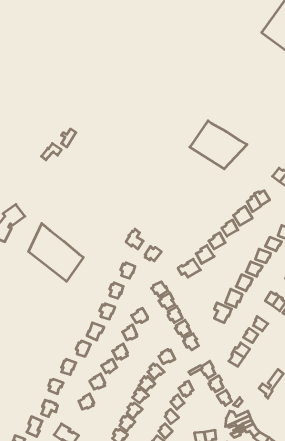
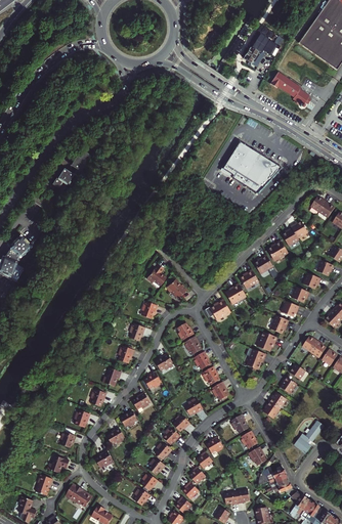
building: none -> [243,27,274,63]
building: none -> [272,72,311,108]
building: [29,223,83,281] -> none

